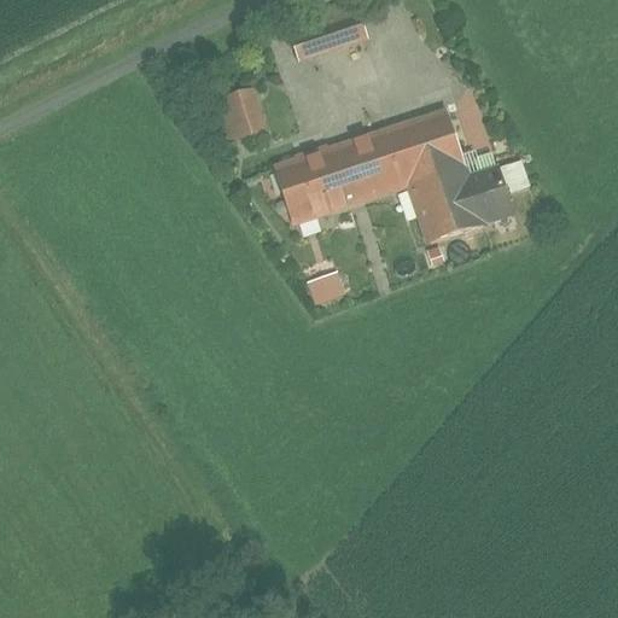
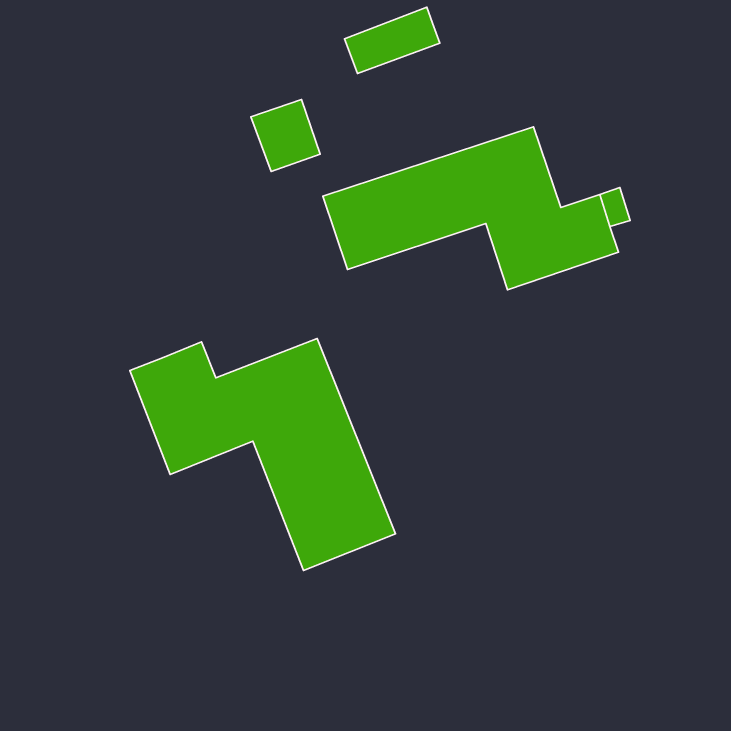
building: [305,268,345,304] -> none
building: none -> [130,338,395,570]

